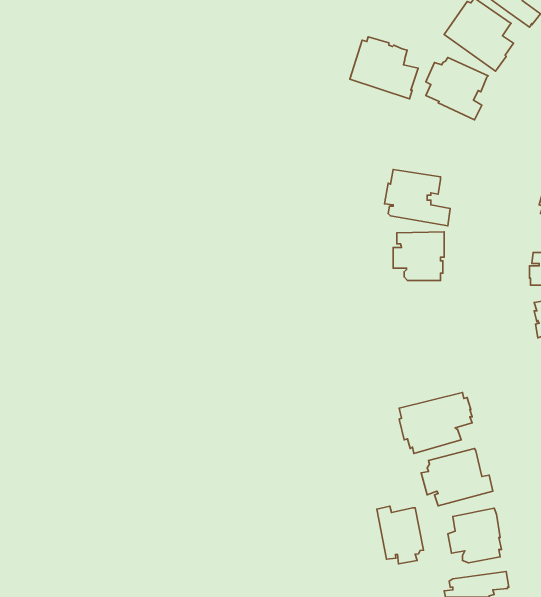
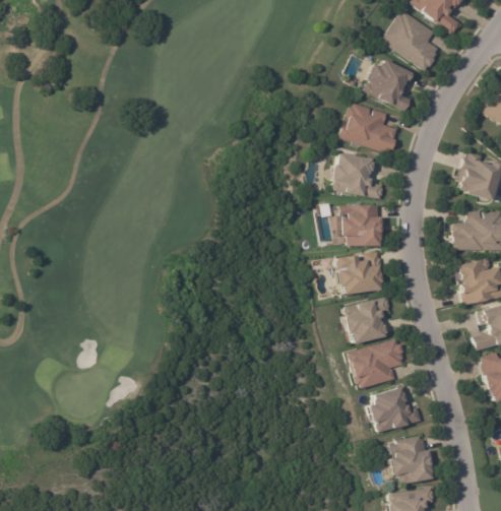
building: [350,37,418,99] -> [343,104,400,155]
building: none -> [333,251,388,293]
building: none -> [339,296,392,343]
building: [377,506,423,564] -> none

